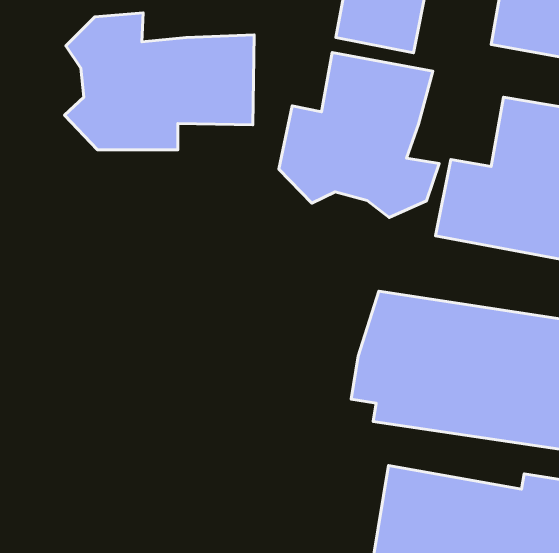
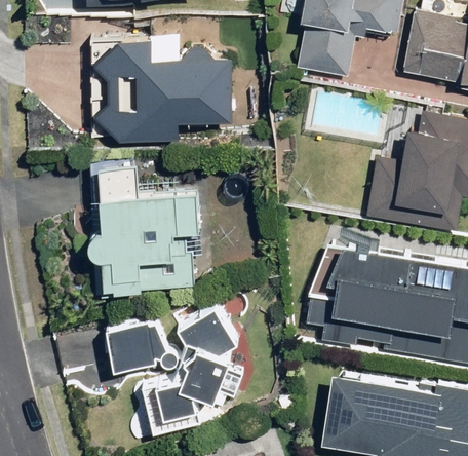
building: [279,52,439,217] -> none
building: none -> [92,157,205,290]
building: none -> [108,301,240,429]

